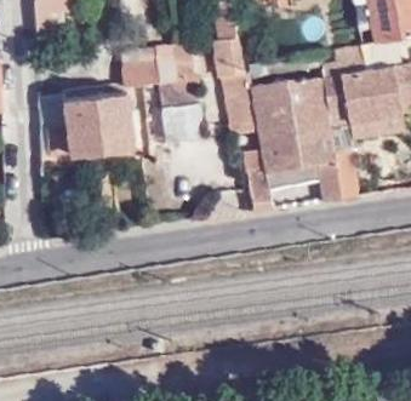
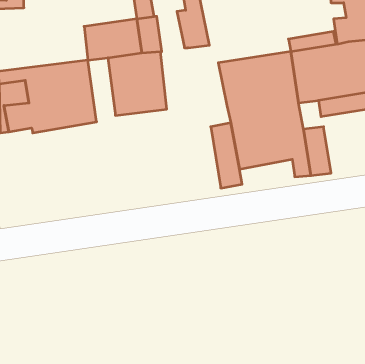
building: [222,69,259,133] -> none

